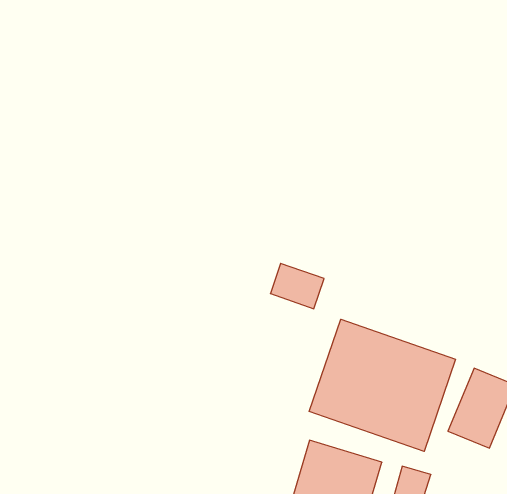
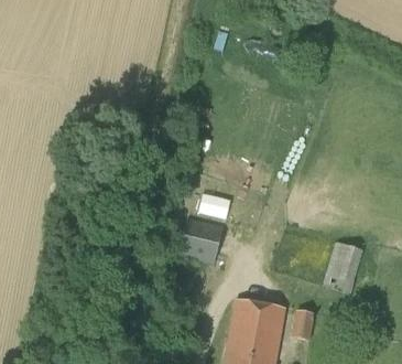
building: none -> [178,216,222,263]
building: [309,319,456,451] -> none

